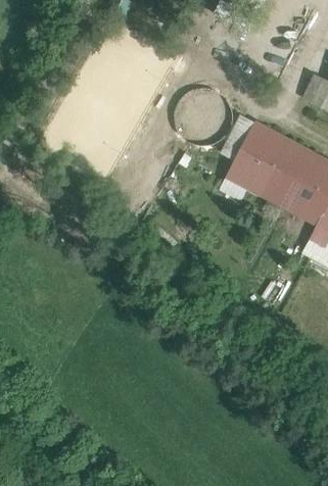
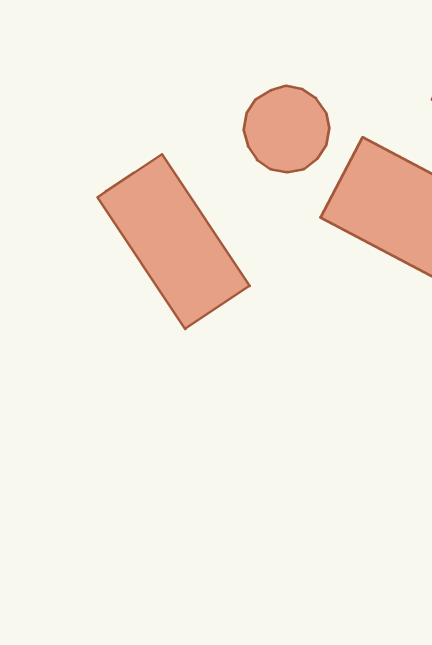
building: none -> [98,154,250,329]

